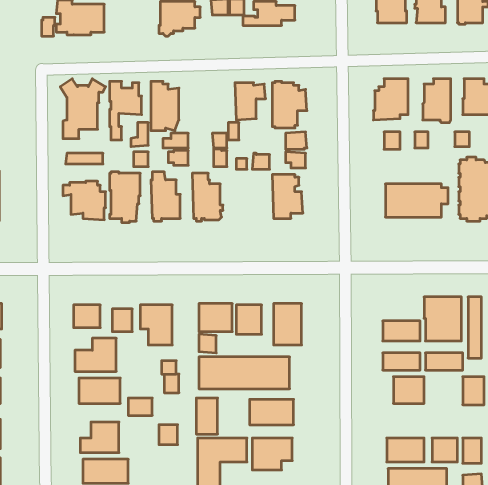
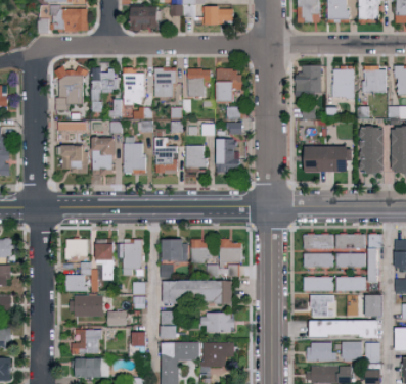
building: none -> [156,68,178,98]
building: none -> [187,147,209,174]
building: none -> [303,234,331,249]
building: none -> [308,321,377,337]

